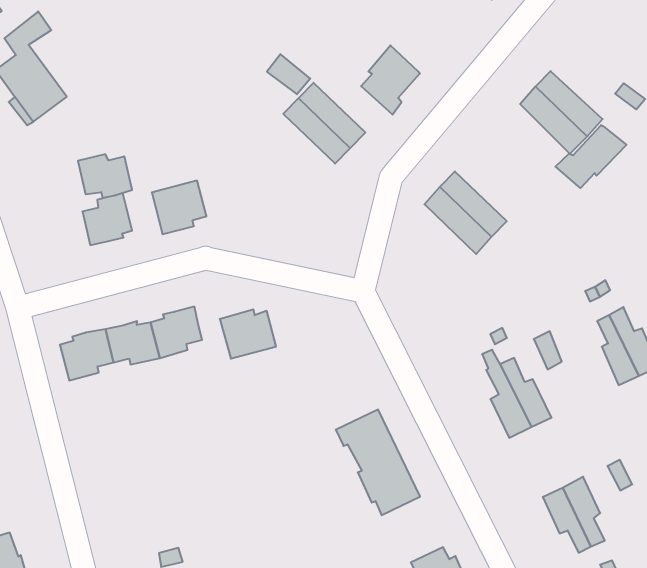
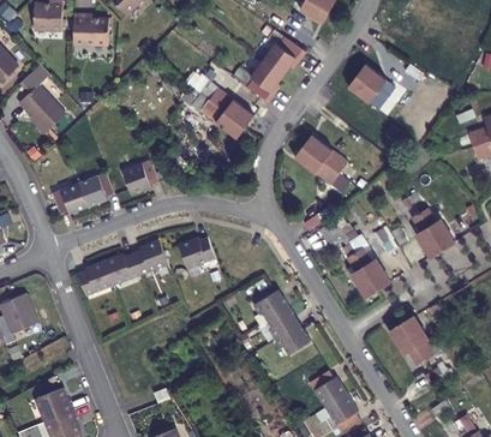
building: none -> [263,36,305,76]
building: [555,125,626,188] -> none
building: [78,154,132,198] -> [53,186,89,214]

